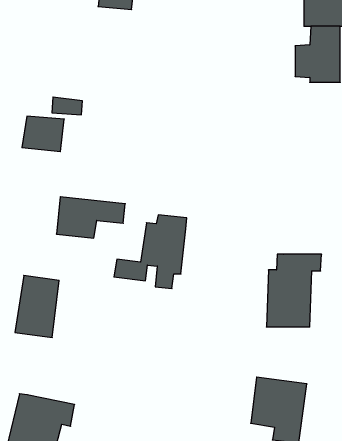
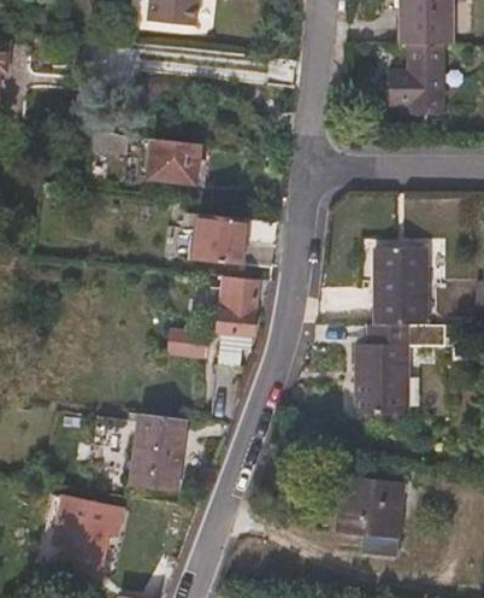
building: [22,116,64,152] -> [148,139,200,182]
building: none -> [376,247,427,324]
building: [56,197,125,238] -> [194,213,278,264]
building: [15,275,59,337] -> [130,414,184,489]

